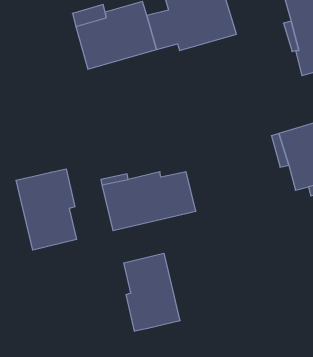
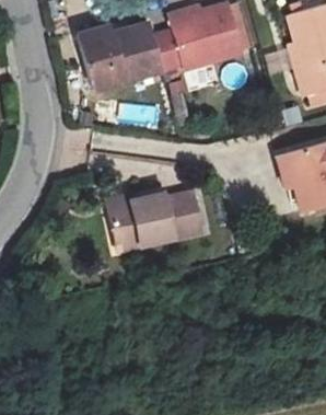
building: [16,169,77,250] -> none
building: [124,253,180,331] -> none

